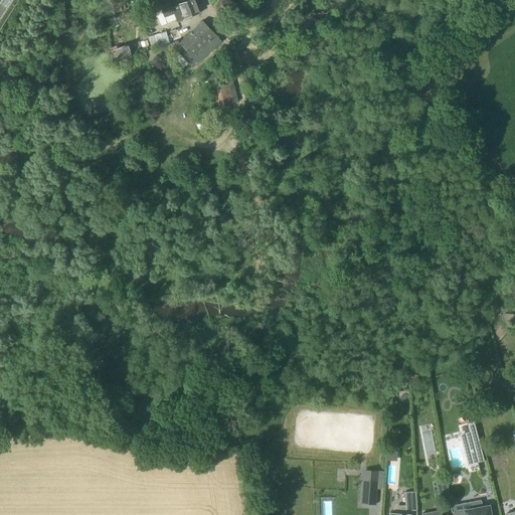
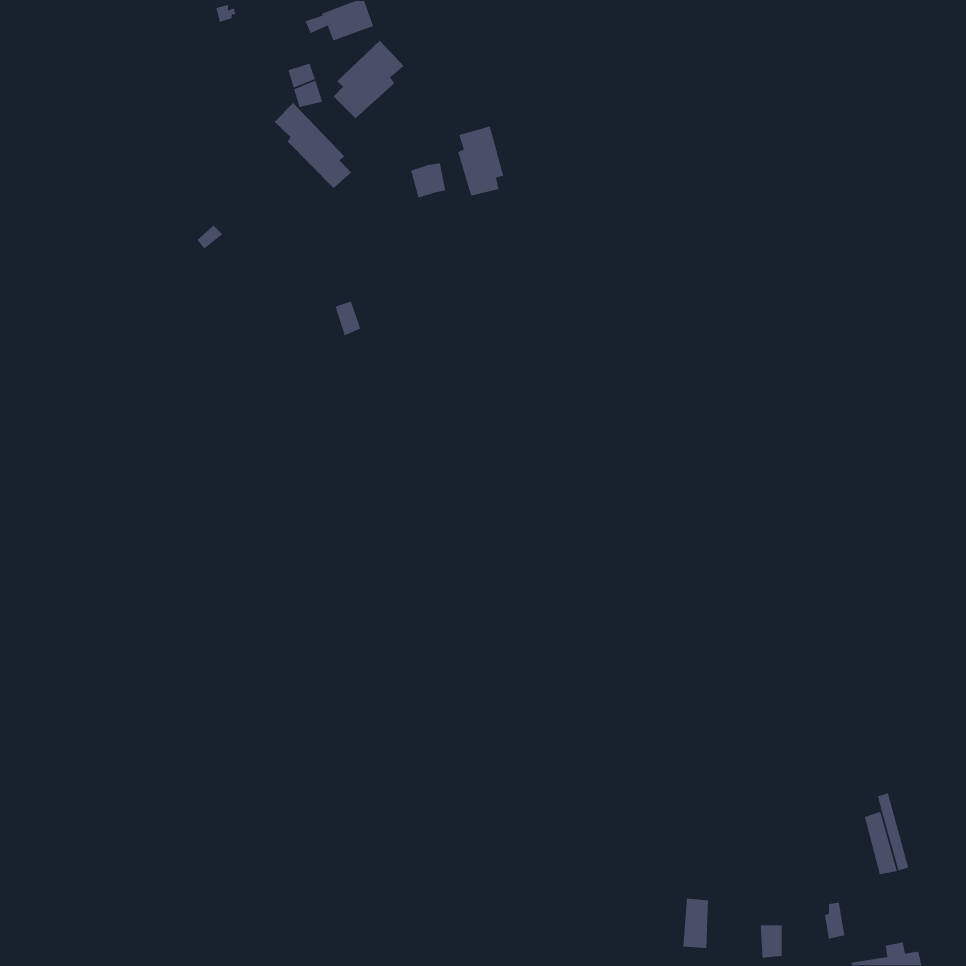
building: none -> [274,102,352,189]
building: none -> [457,125,504,197]

